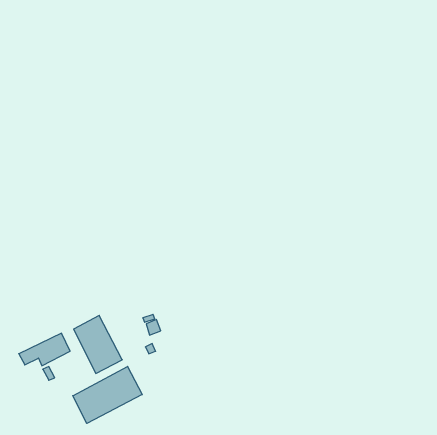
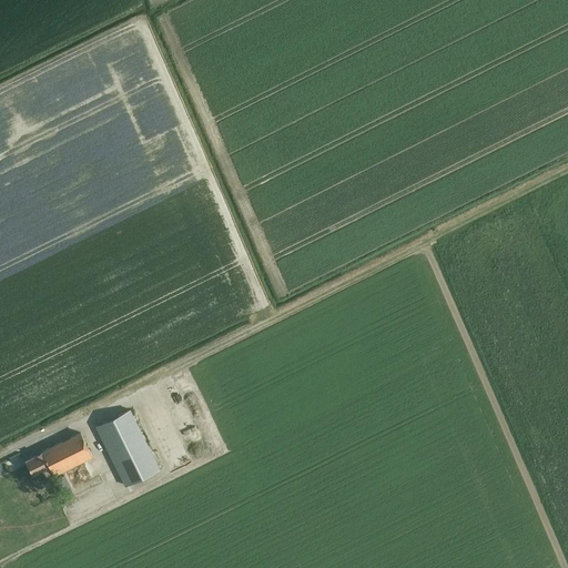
building: [73,366,142,423] -> none

